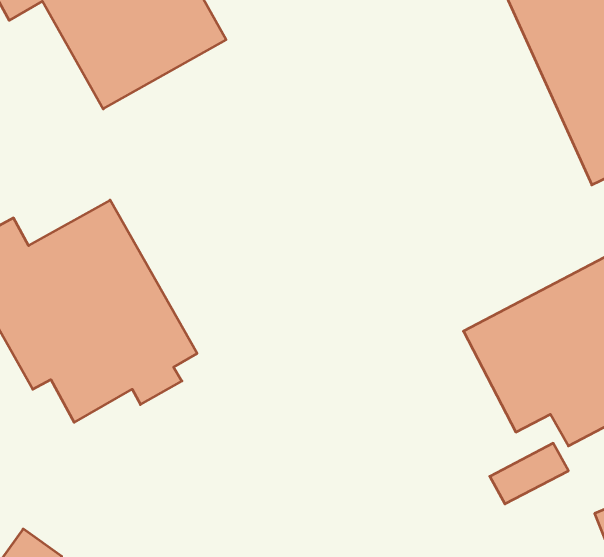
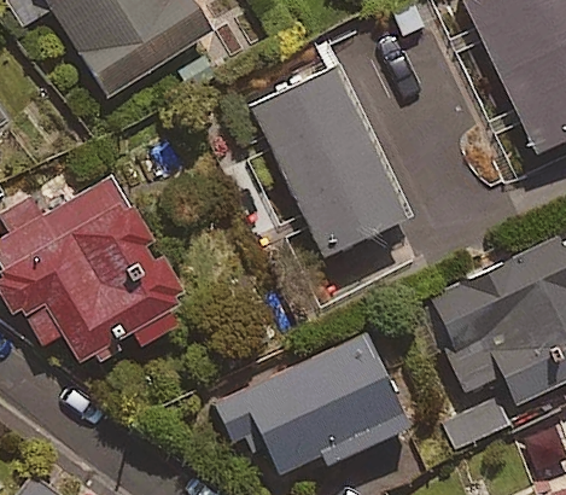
building: none -> [255,69,410,264]
building: none -> [214,321,404,462]

